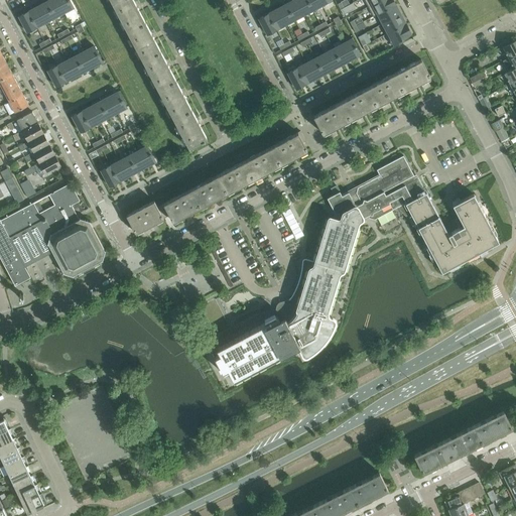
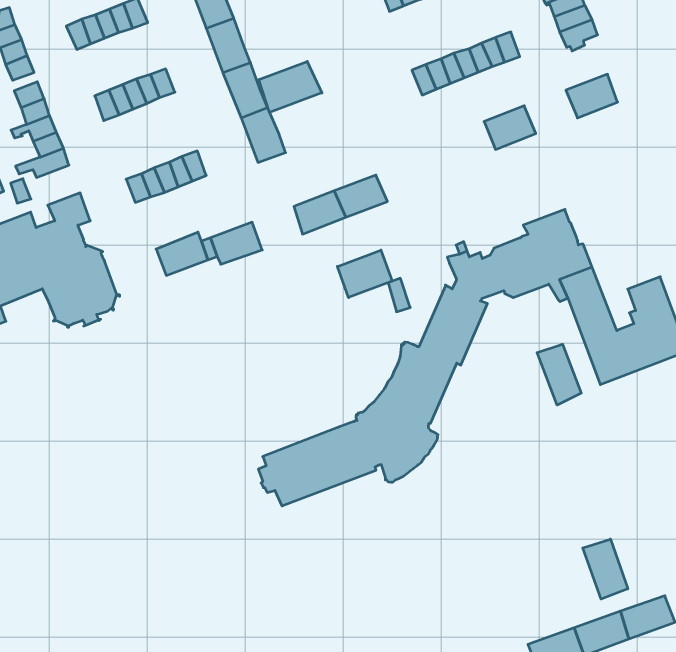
building: [367,75,404,107] -> none
building: none -> [259,61,322,113]
building: [311,103,351,135] -> none
building: [271,132,307,165] -> none
building: [190,176,226,209] -> none
building: none -> [337,250,392,298]
building: none -> [537,344,581,405]
building: none -> [583,539,628,599]

